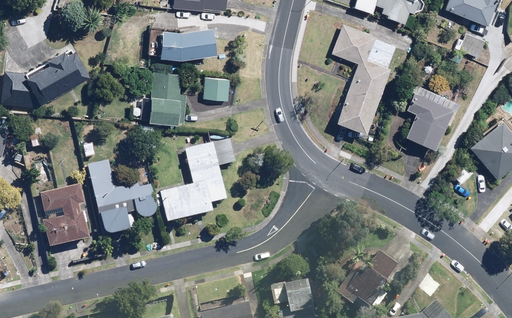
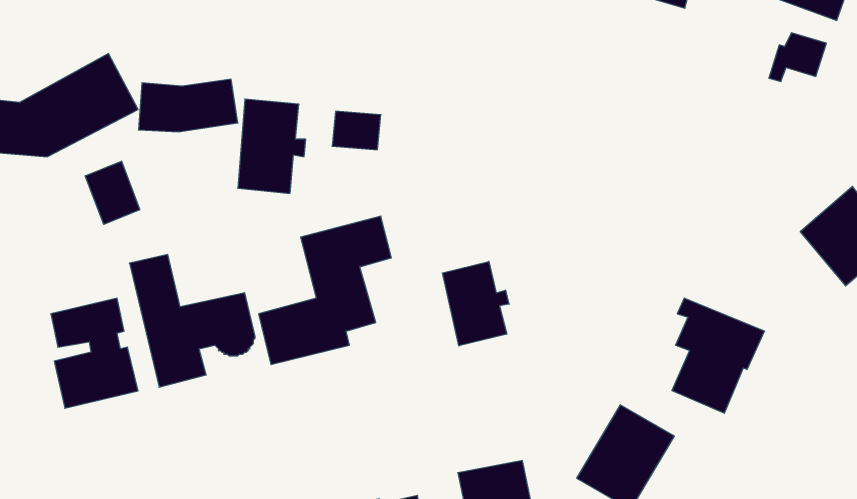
building: [329,25,395,135] -> none
building: [159,28,216,58] -> [138,79,238,132]
building: [405,83,458,149] -> [672,298,765,413]
building: none -> [85,161,140,224]
building: none -> [443,261,509,346]

